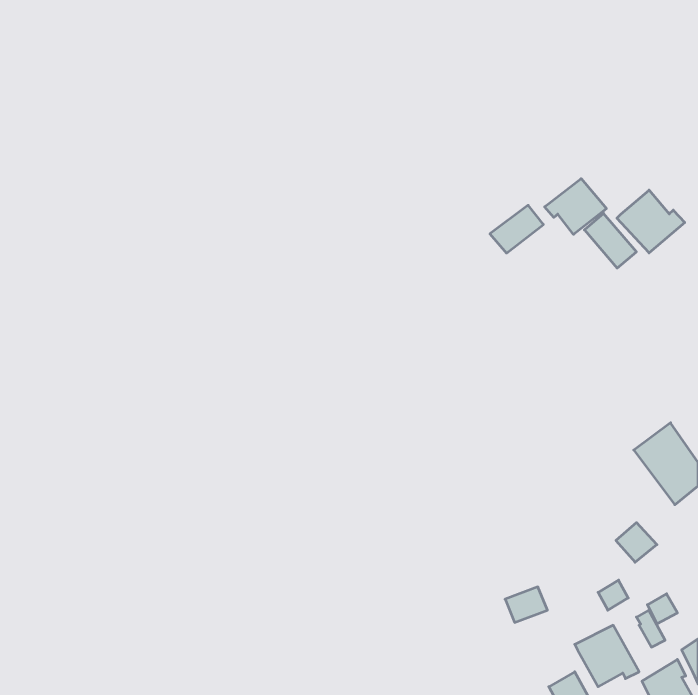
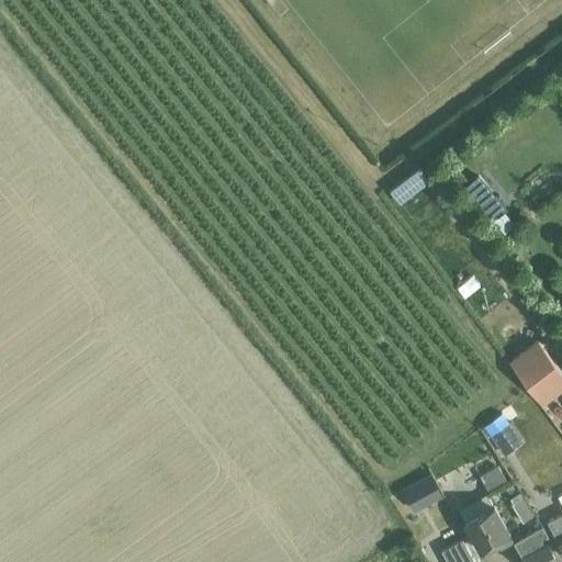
building: [545,179,606,234] -> none
building: [617,190,685,253] -> none

